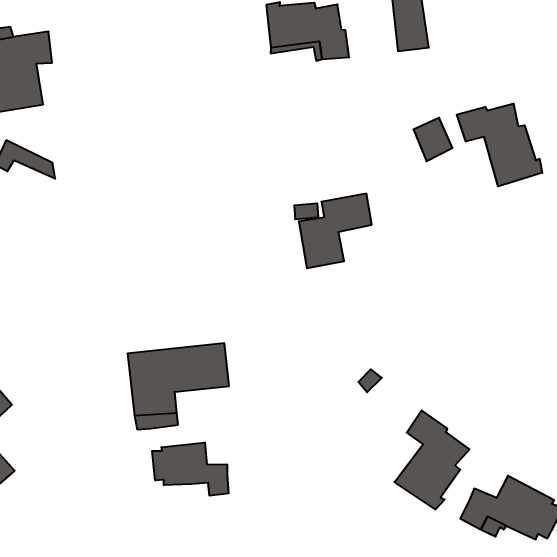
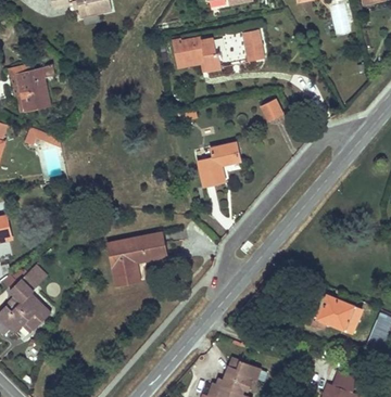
building: [457,104,542,186] -> none
building: [394,410,469,510] -> none
building: [152,442,229,496] -> none

